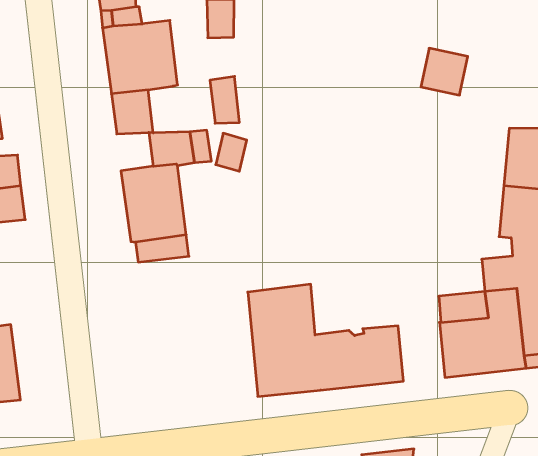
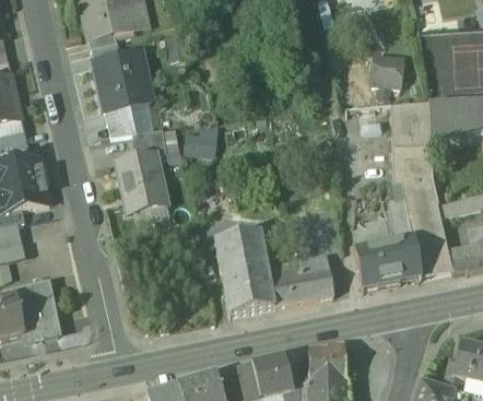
building: [421,48,468,95] -> [372,55,403,86]
building: [210,76,239,123] -> [130,97,154,132]

